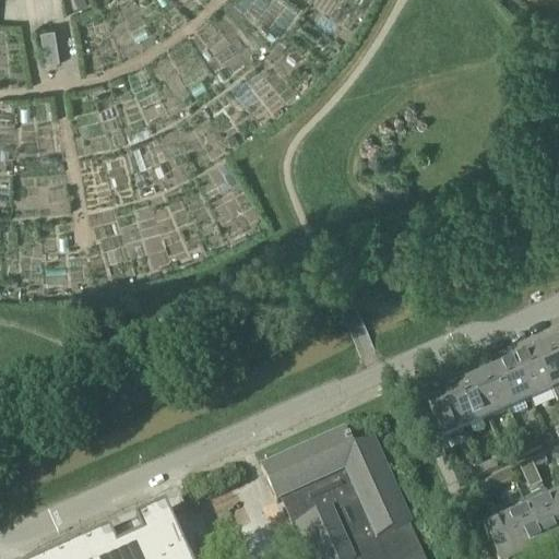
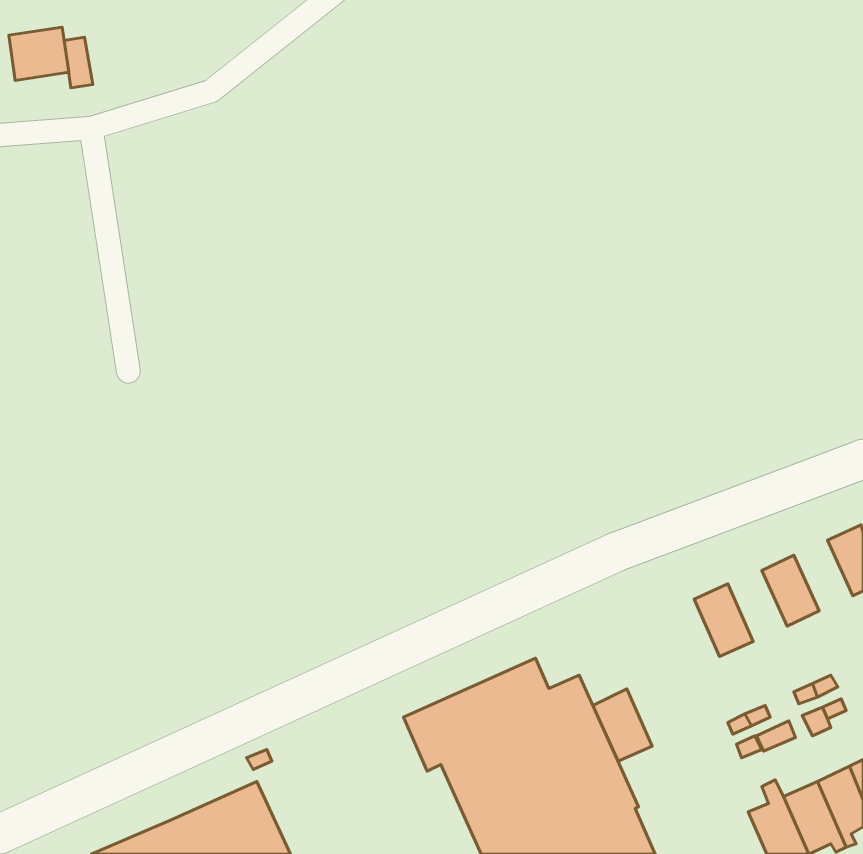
building: none -> [9,27,69,80]
building: [513,349,551,395] -> none
building: [471,369,509,415] -> none
building: [427,388,465,435] -> [593,689,652,761]

